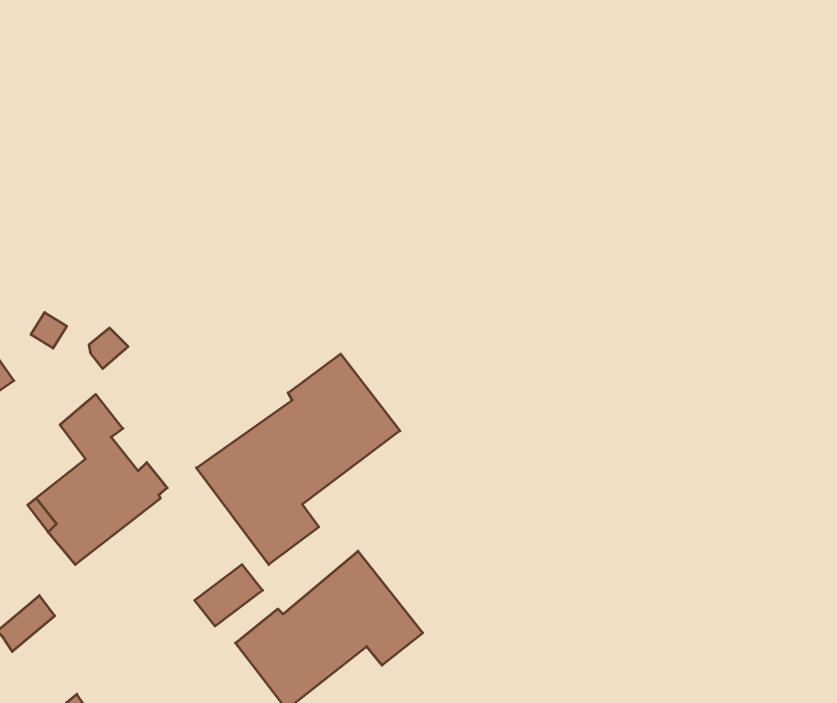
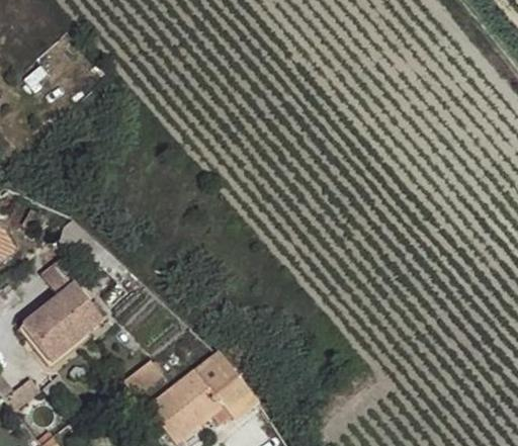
building: [196,354,400,565] -> none

